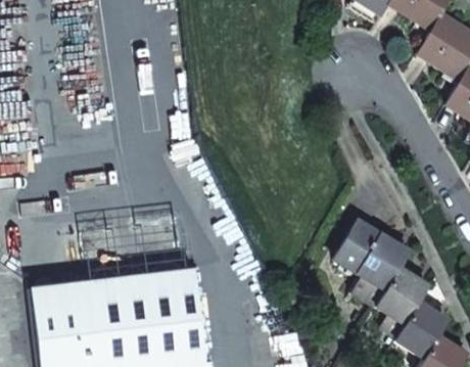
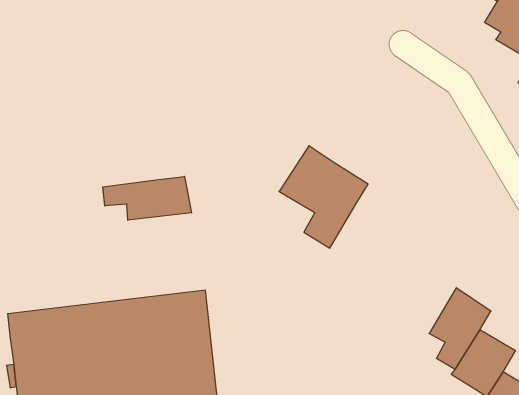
building: none -> [103,176,192,220]
building: [336,220,410,305] -> [279,146,368,248]

